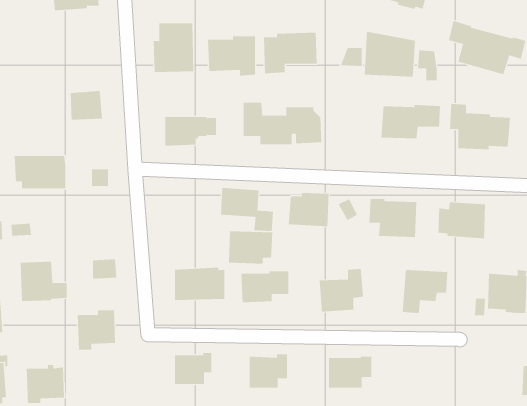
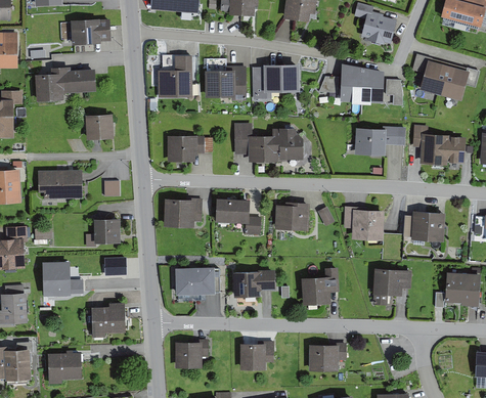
building: none -> [34,67,96,100]
building: none -> [85,218,120,248]
building: [228,231,273,264] -> [163,198,202,227]

